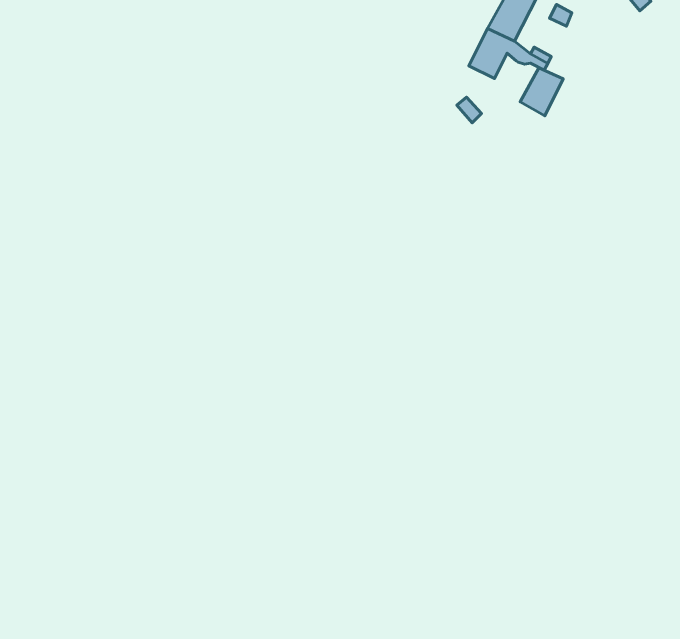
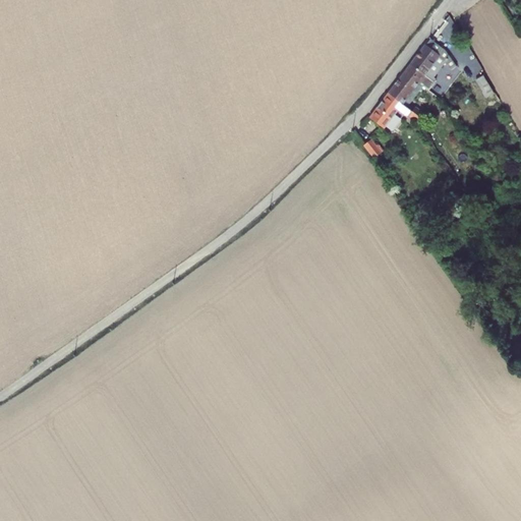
building: [520,68,563,116] -> none

